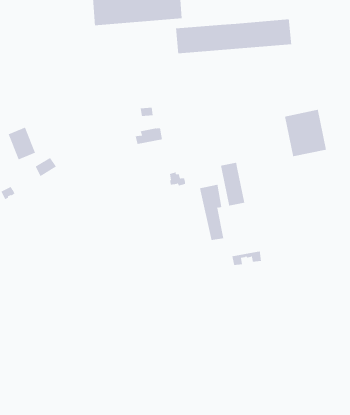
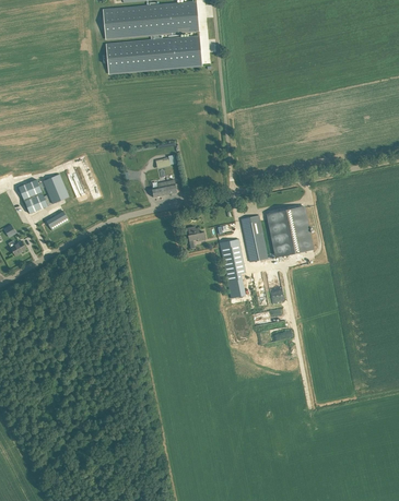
building: [175,18,292,54] -> none
building: [284,109,327,157] -> [267,206,312,257]
building: none -> [43,175,68,204]

